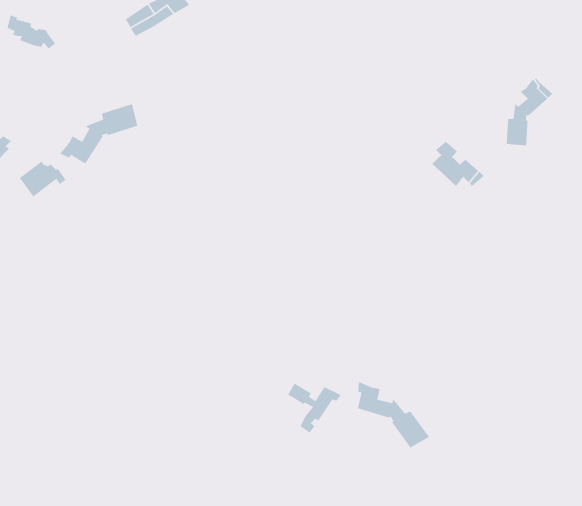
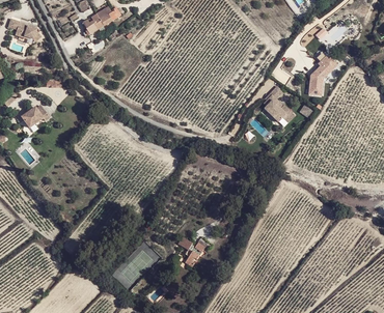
building: [60,103,138,164] -> none
building: [357,381,430,449] -> none

